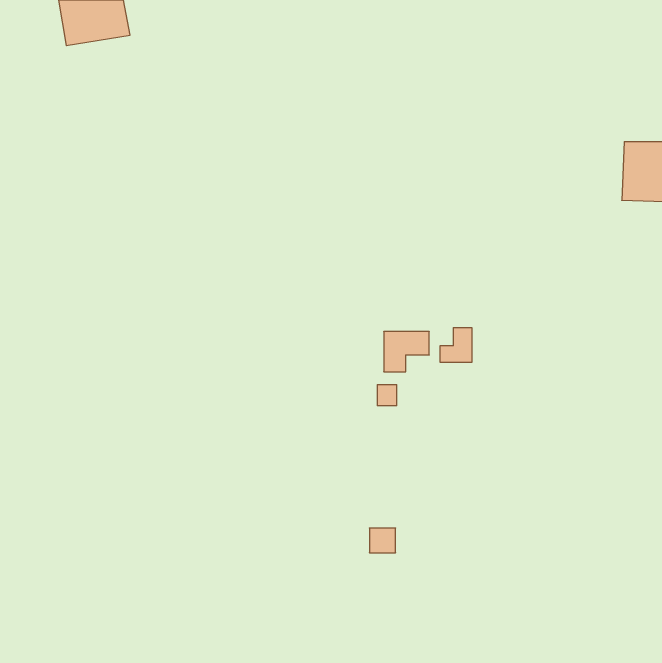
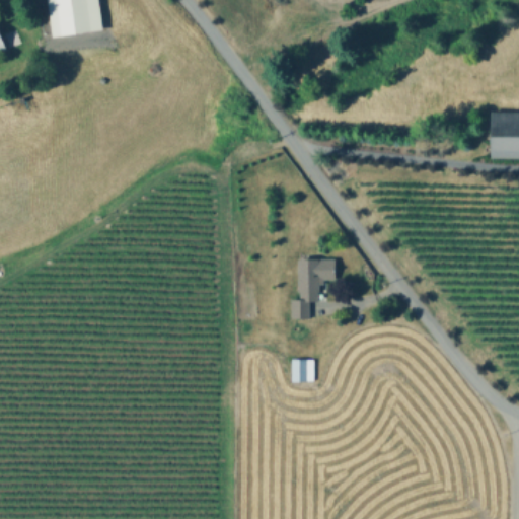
building: [440,328,472,362] -> none
building: [369,528,396,553] -> [295,361,315,380]

